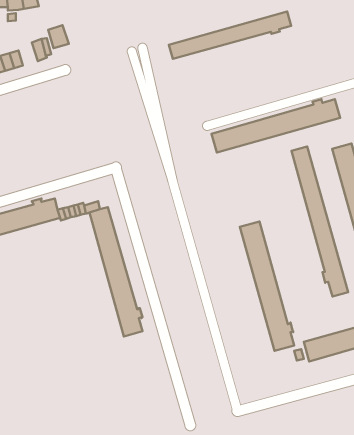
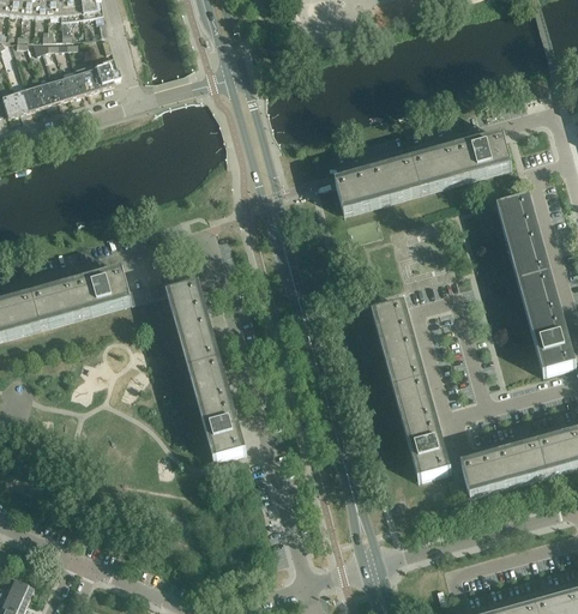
building: [169,12,291,59] -> none
building: [48,25,69,48] -> [72,60,100,91]
building: [291,146,348,296] -> none

